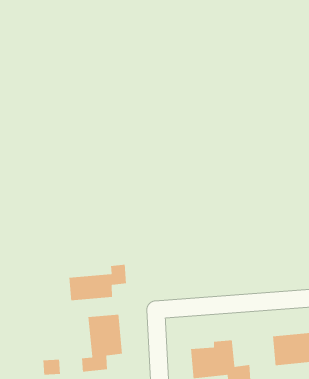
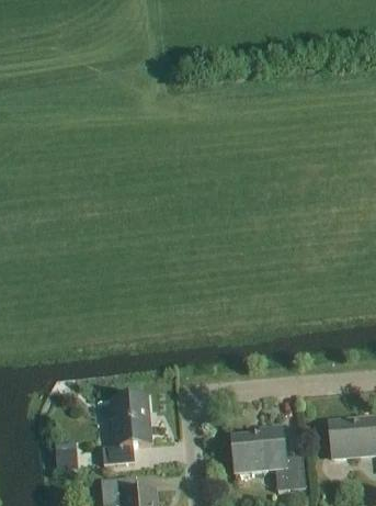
building: [69,264,127,301] -> none

